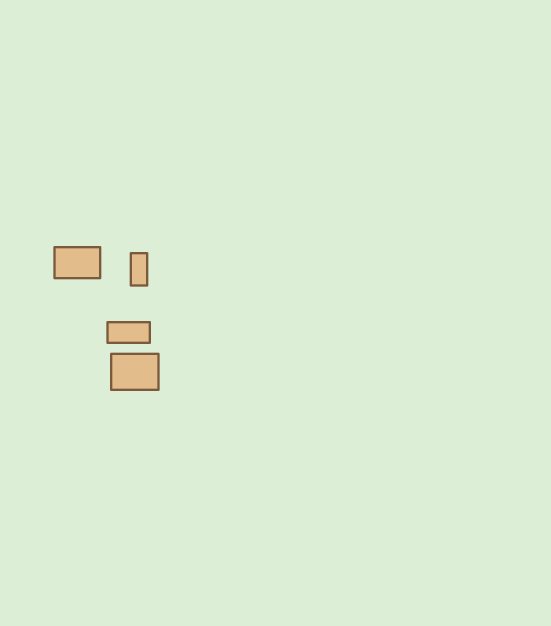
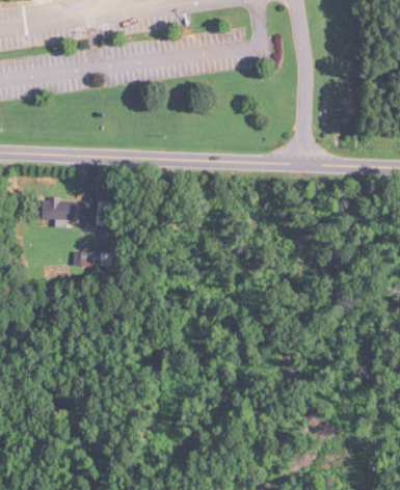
building: [111,354,158,390] -> none

